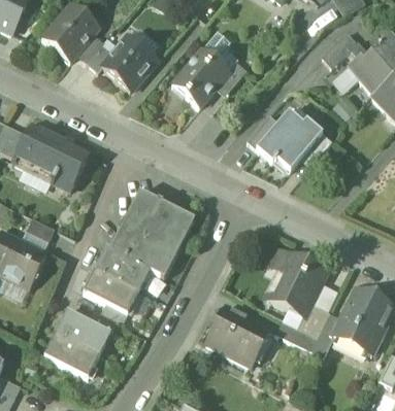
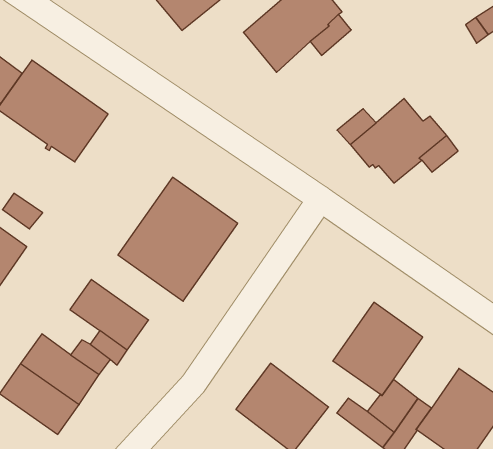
building: [95,247,150,290] -> none

